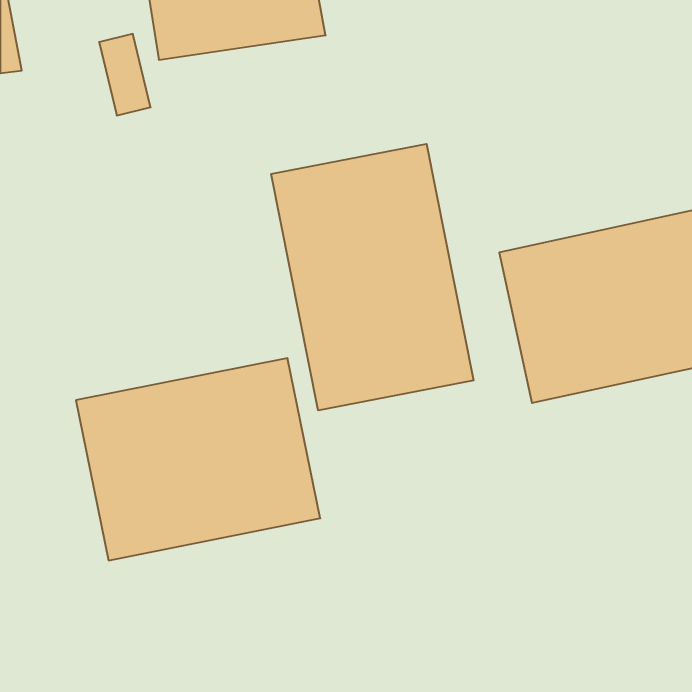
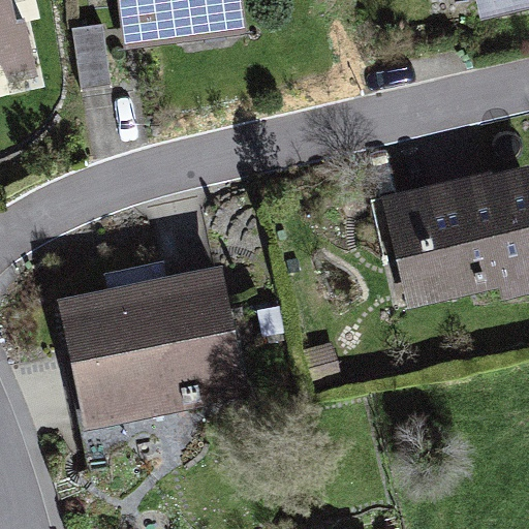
building: [271,144,474,410] -> none

